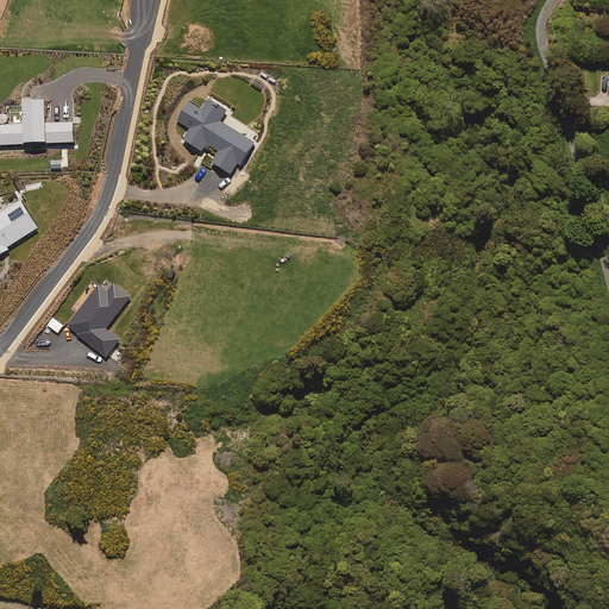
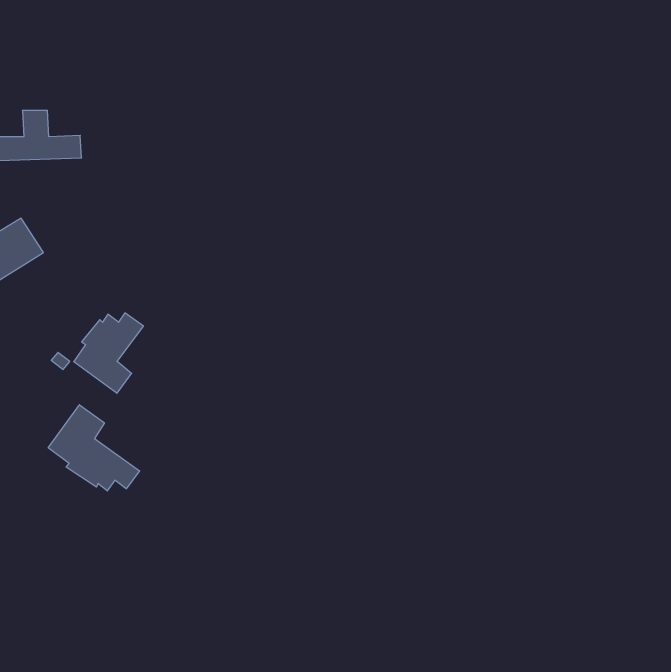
building: [176,98,255,175] -> none
building: none -> [48,405,140,491]

